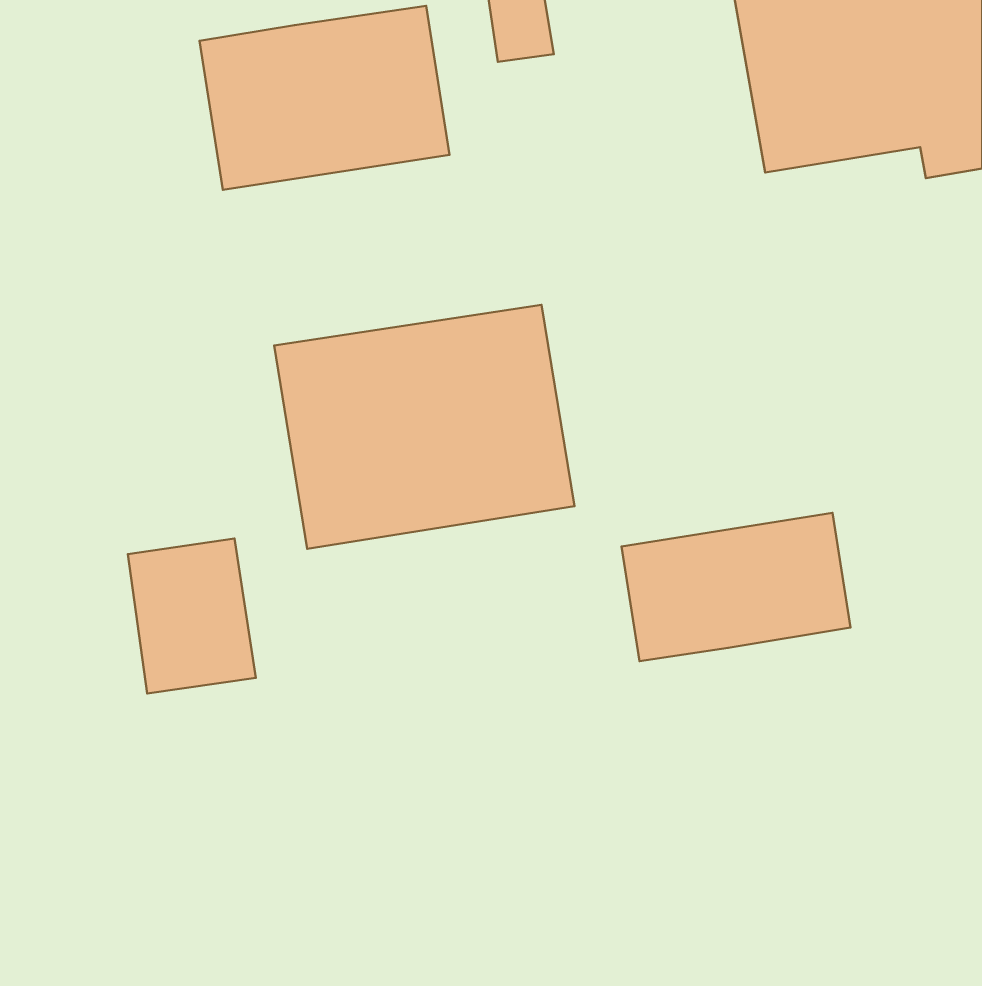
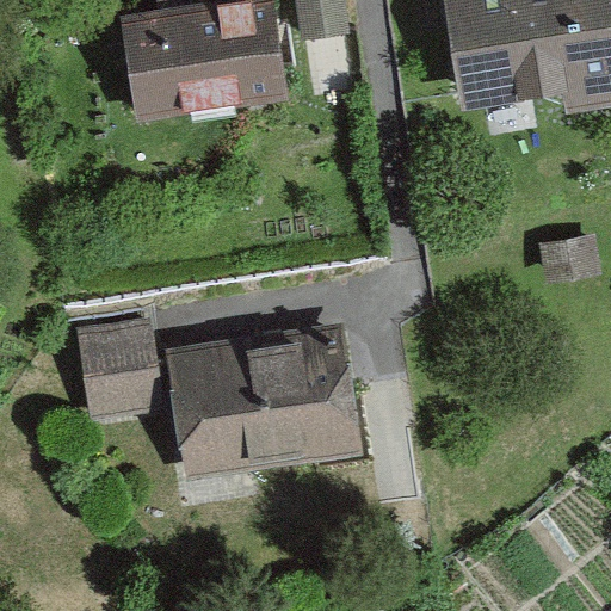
building: [274,305,574,549] -> [168,325,353,475]
building: [622,513,851,661] -> none

